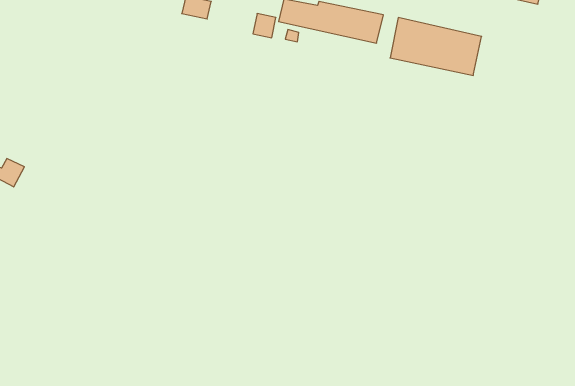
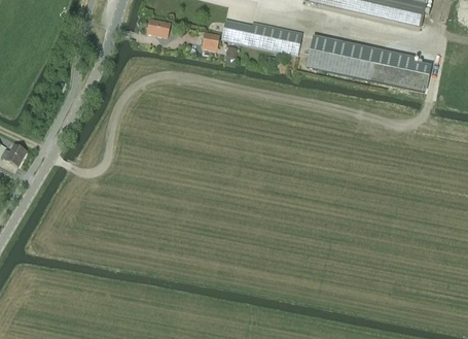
building: none -> [384,39,428,86]

